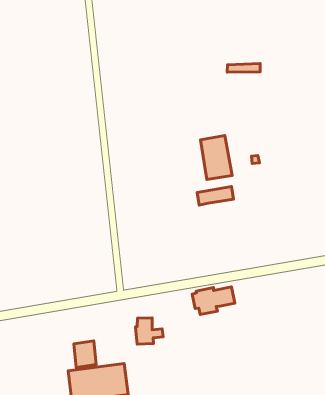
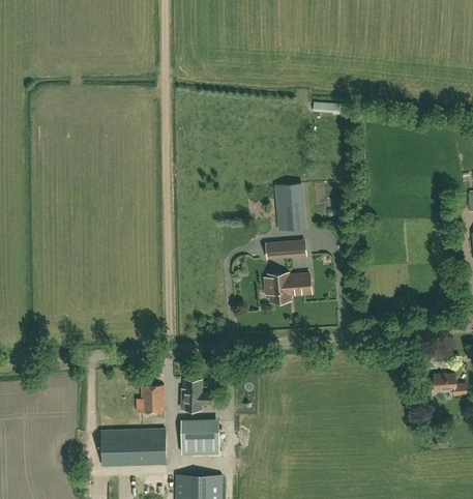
building: [192,287,235,315] -> [263,272,311,301]
building: [74,341,96,367] -> [141,384,164,412]
building: none -> [182,418,221,456]

